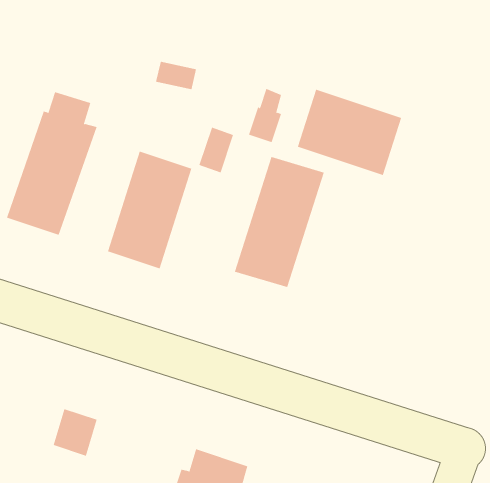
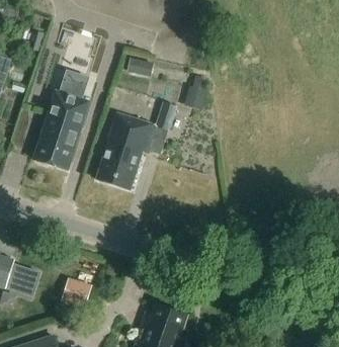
building: [297,89,402,176] -> none
building: [234,156,324,288] -> none

